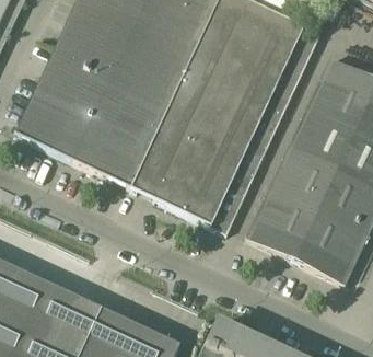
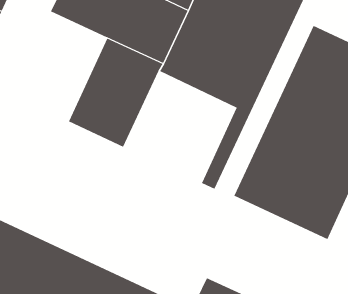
building: [14,44,114,159] -> none
building: [131,106,248,223] -> none

